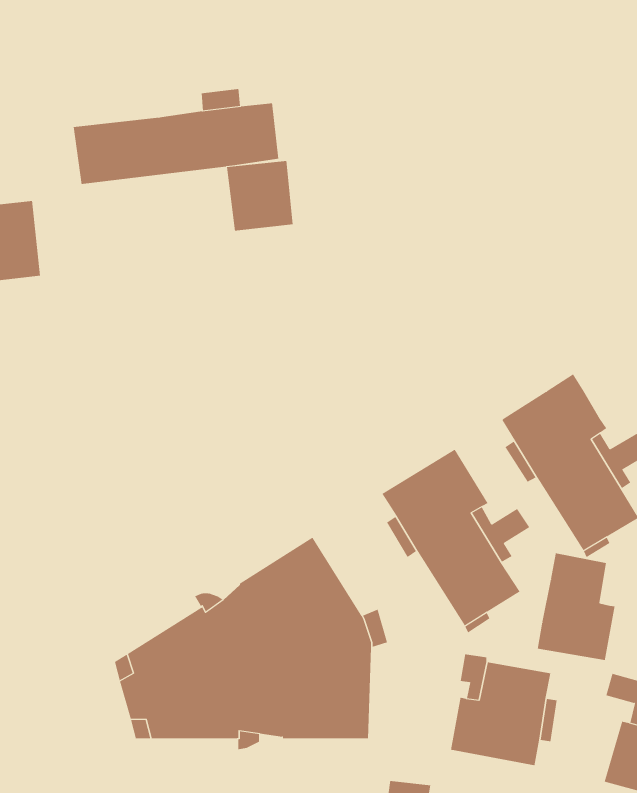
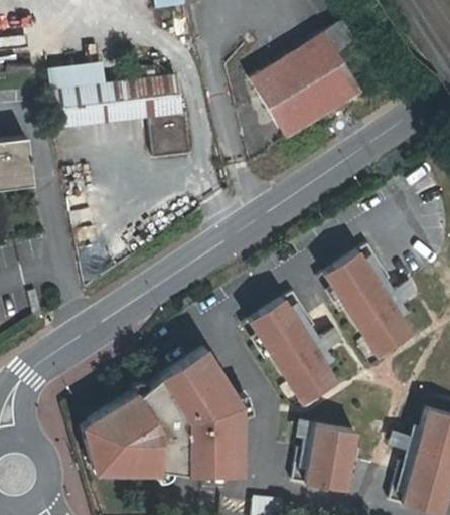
building: none -> [252,23,364,137]
building: none -> [52,63,109,91]
building: [537,553,615,661] -> none

